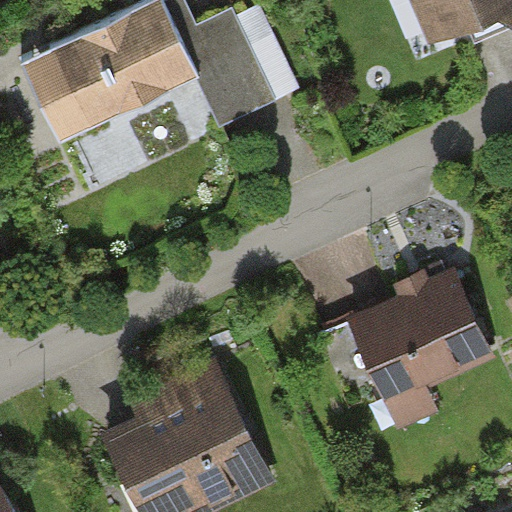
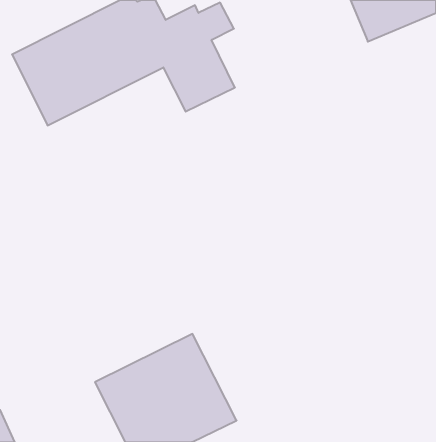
building: [349,272,494,400] -> none

